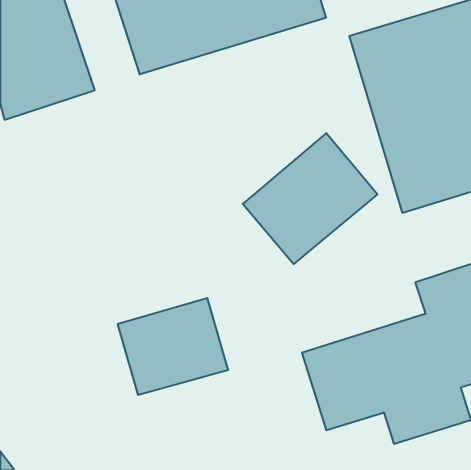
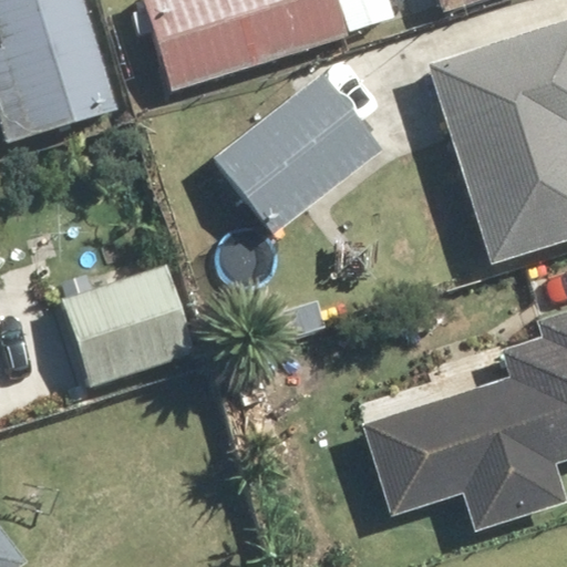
building: [243,133,377,264] -> [217,78,378,234]
building: [118,298,228,395] -> [60,268,192,383]

